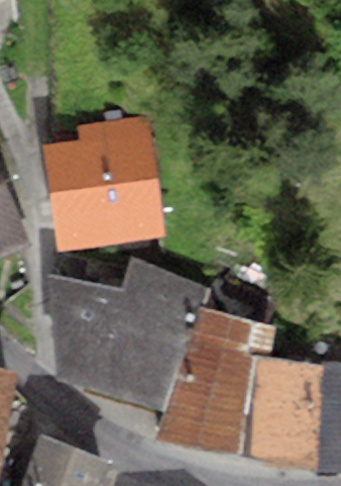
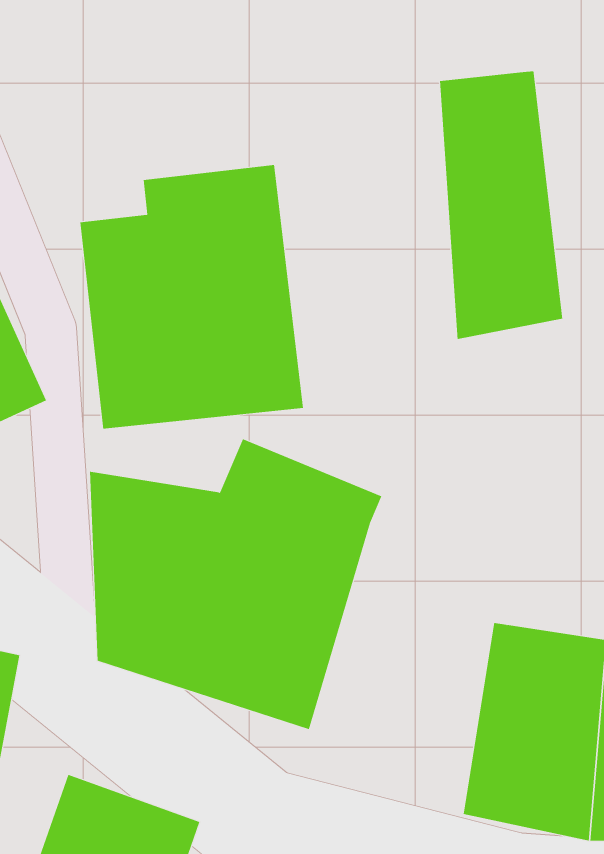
building: none -> [439,71,563,340]
building: [158,303,275,457] -> none

